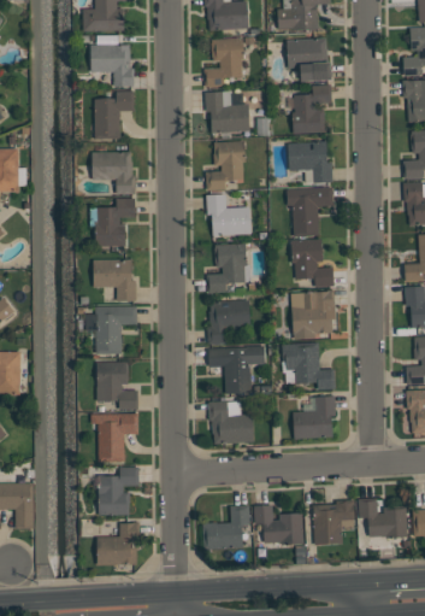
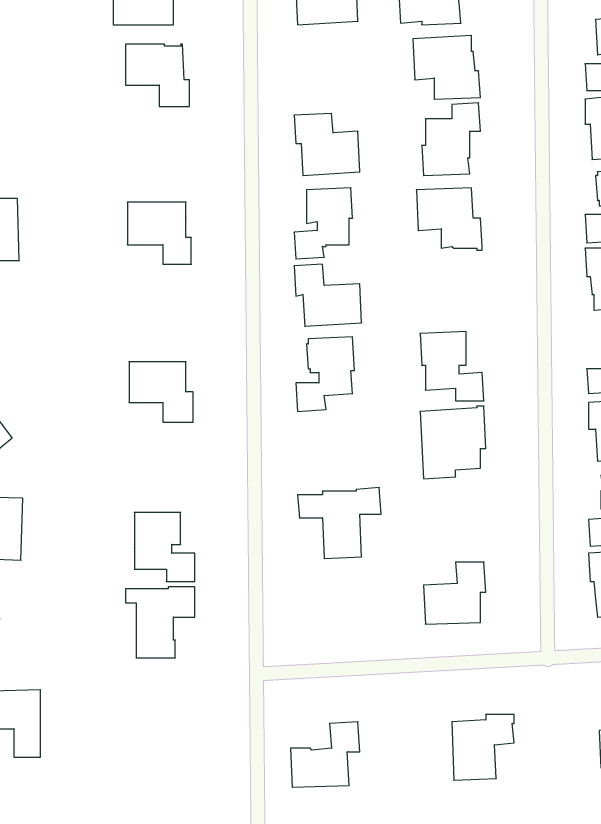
building: [205,37,244,86] -> none
building: [95,90,135,139] -> none
building: [287,187,333,236] -> none
building: [95,198,136,245] -> none
building: [208,299,250,344] -> none
building: [85,305,137,353] -> none
building: [282,342,336,389] -> none
building: [208,400,254,444] -> none
building: [99,467,140,515] -> none
building: [359,498,407,536] -> none
building: [254,504,303,544] -> none
building: [98,521,141,564] -> none

